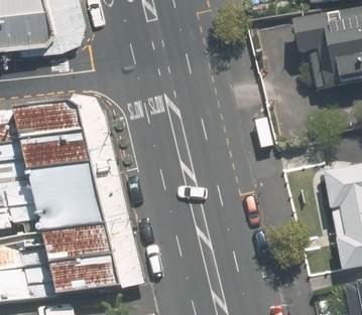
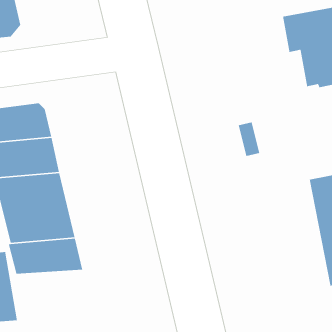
building: [51,253,120,292] -> none

